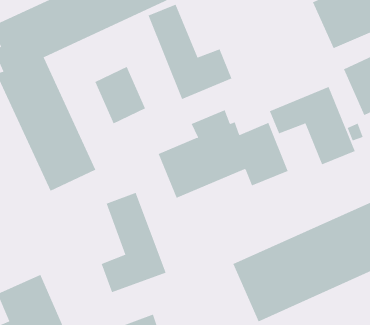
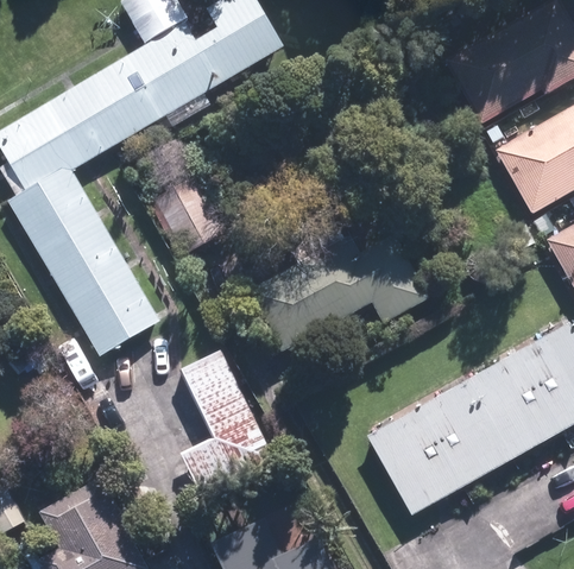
building: [148,4,232,100] -> none
building: [269,86,355,165] -> none

